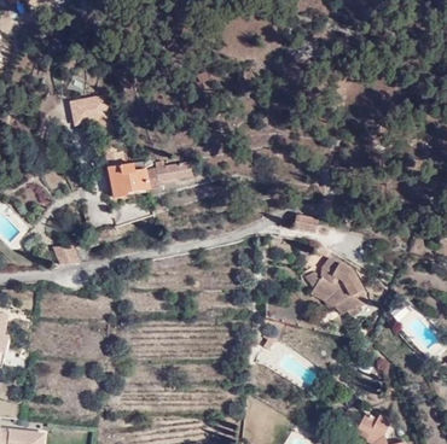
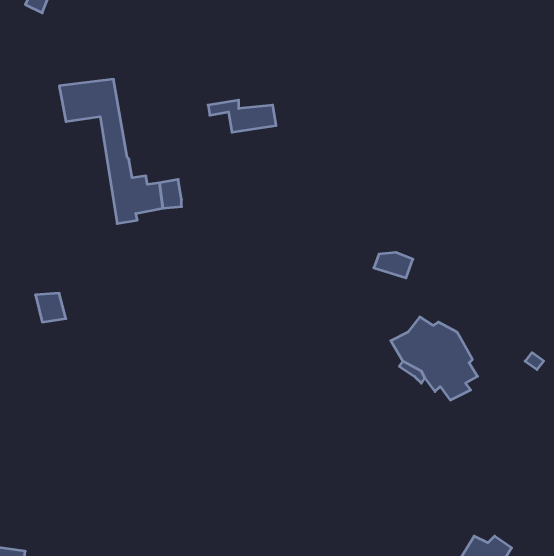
building: [143,158,191,181] -> [208,100,276,132]

